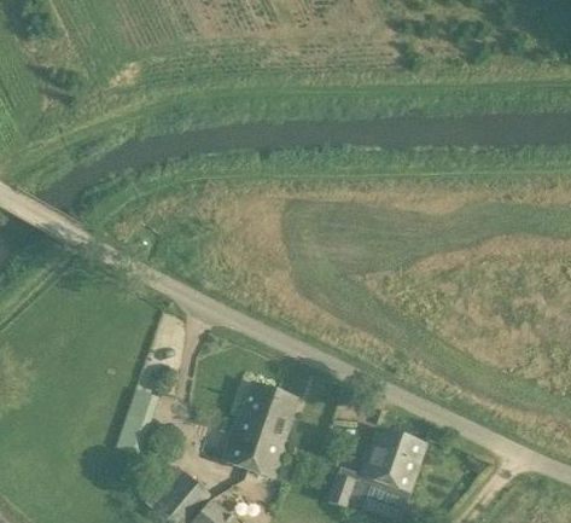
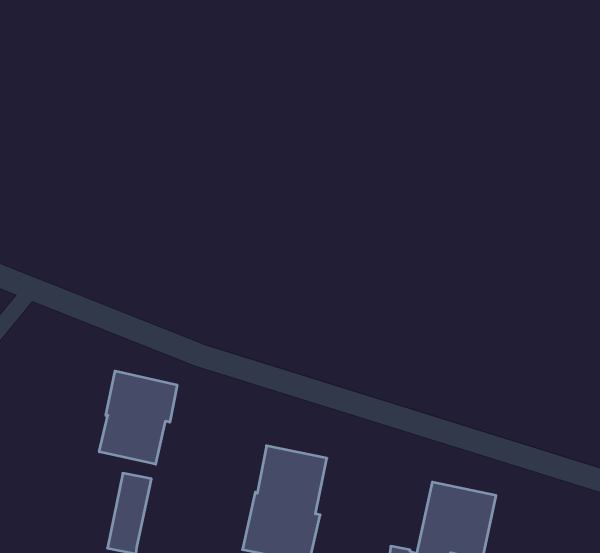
building: none -> [99,371,177,464]

